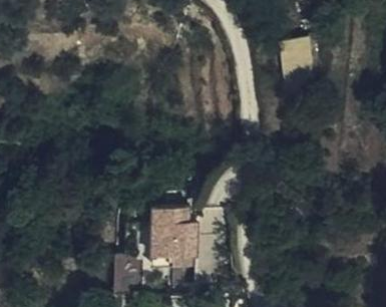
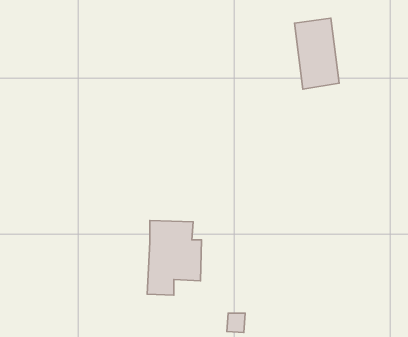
building: [110,252,138,289] -> none

